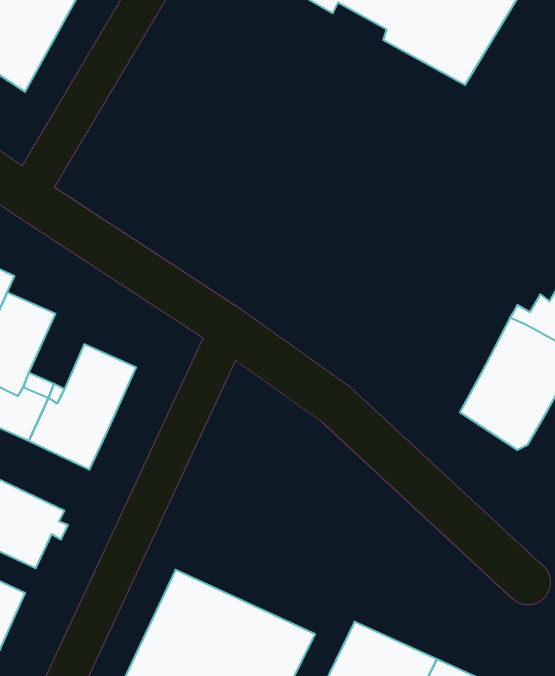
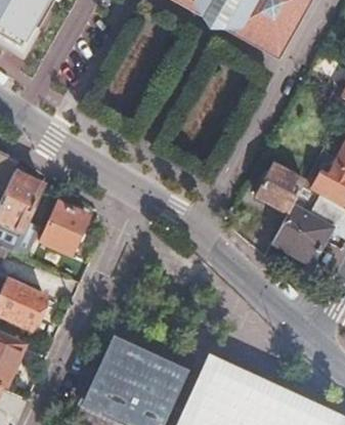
building: none -> [255,166,304,214]

